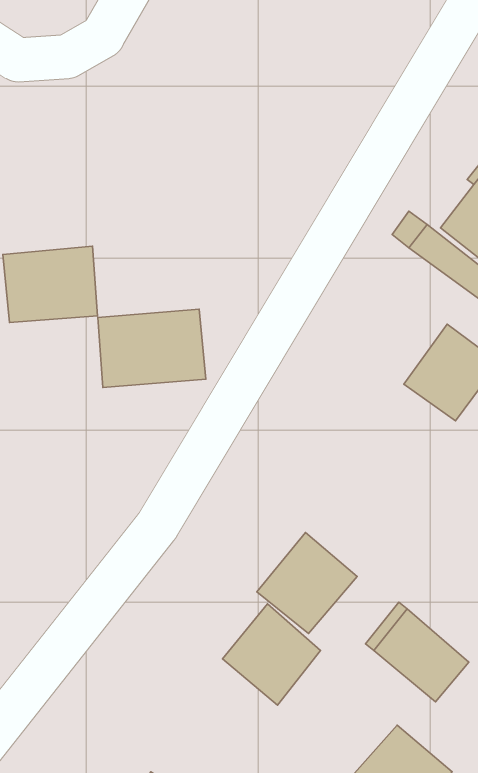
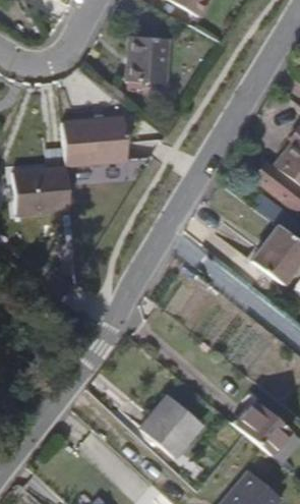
building: none -> [123,40,166,88]
building: [98,309,206,387] -> [58,124,124,172]
building: [257,533,357,634] -> none

